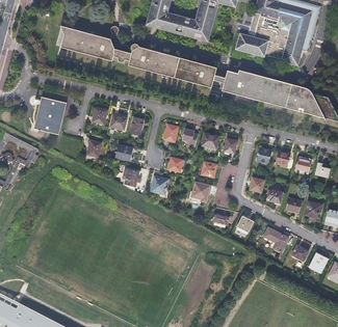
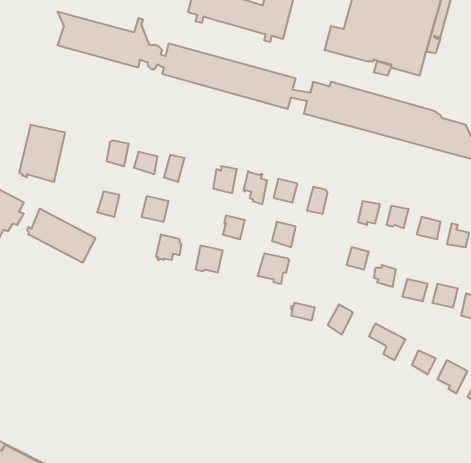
building: none -> [27,209,95,263]

